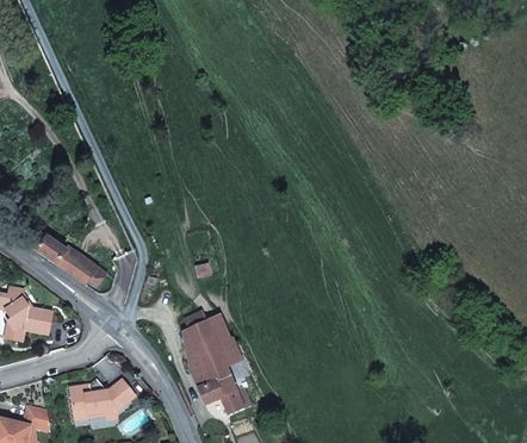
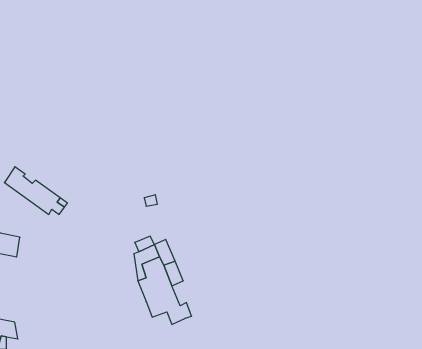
building: [69,379,135,420] -> none

